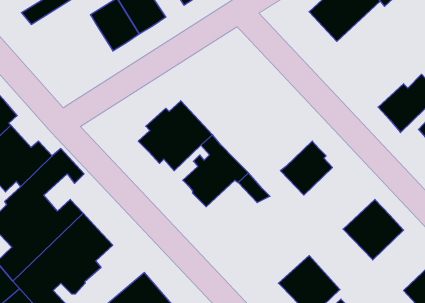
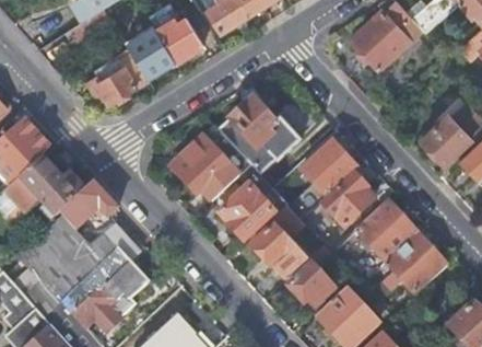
building: none -> [87,53,148,103]
building: none -> [218,97,301,176]
building: none -> [301,141,357,198]
building: none -> [355,200,418,263]
building: none -> [250,223,310,280]
building: none -> [289,264,334,305]

